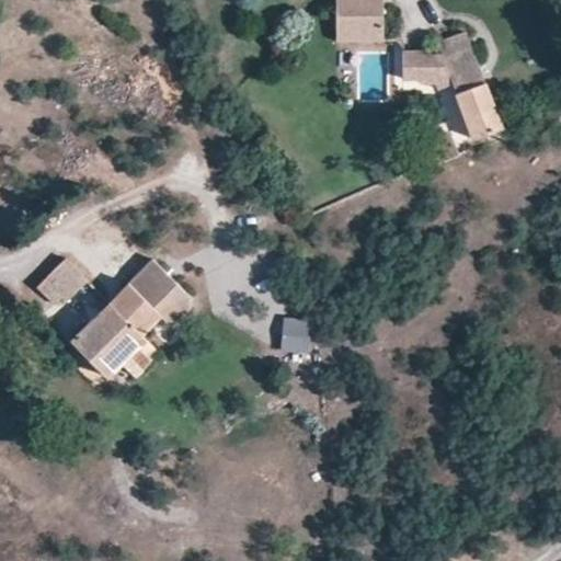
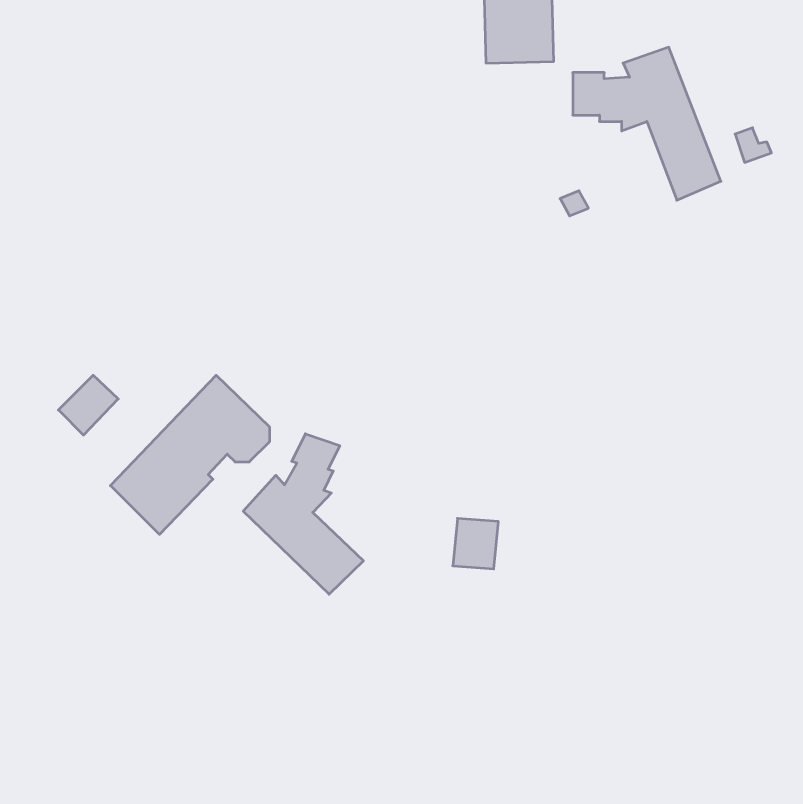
building: none -> [243,434,363,594]
building: [280,318,312,353] -> [453,518,498,569]

